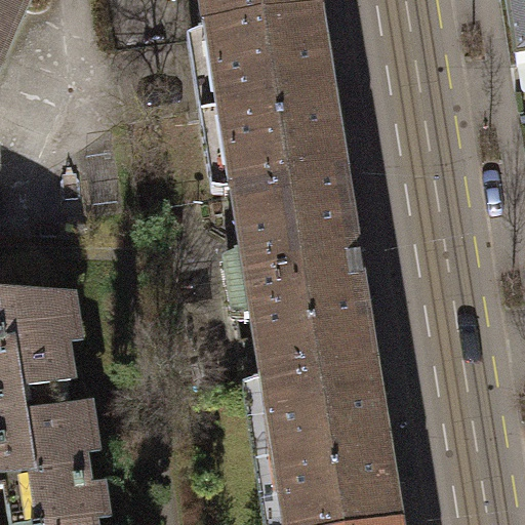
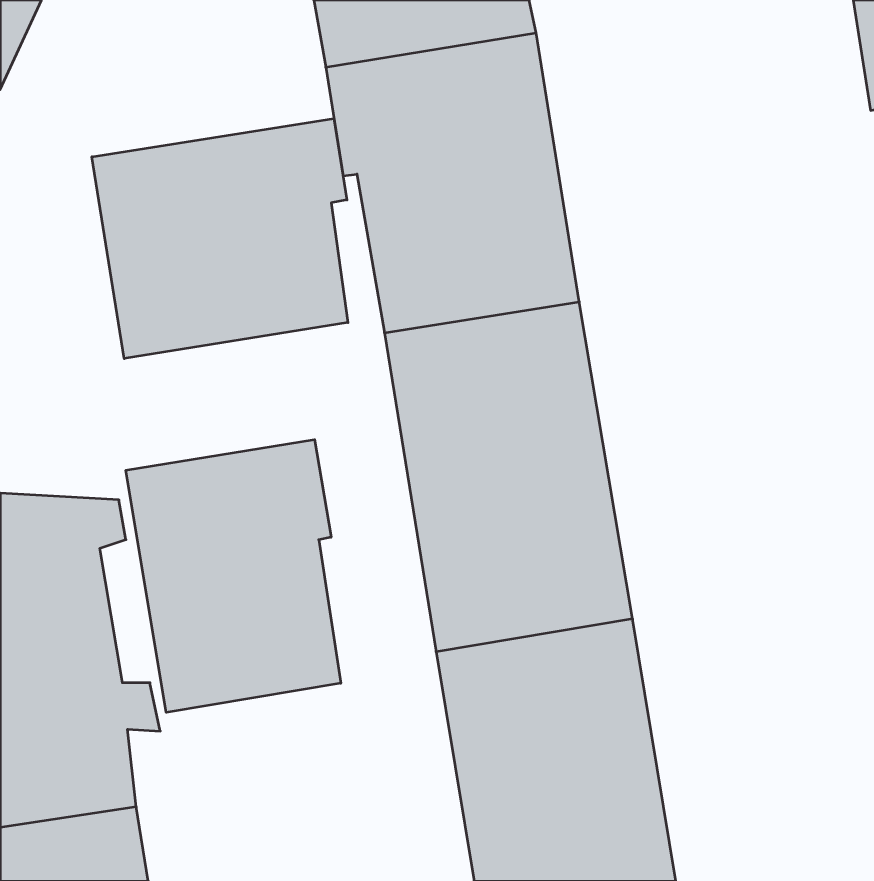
building: none -> [92,119,348,359]
building: none -> [126,440,341,712]

